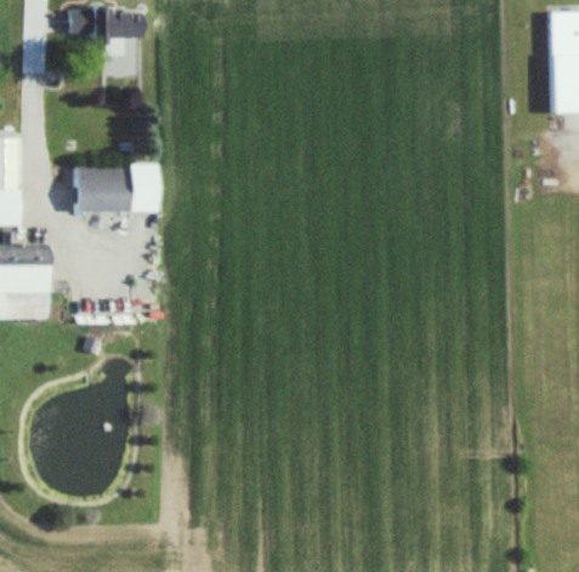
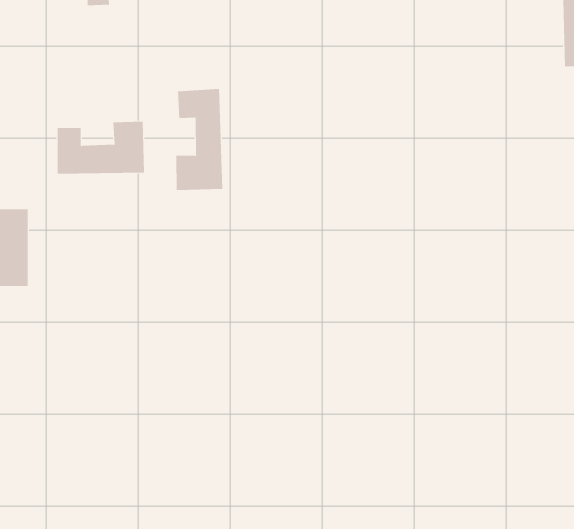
building: none -> [176,88,223,191]

